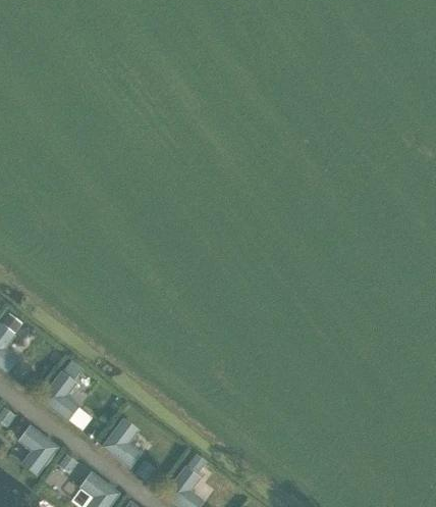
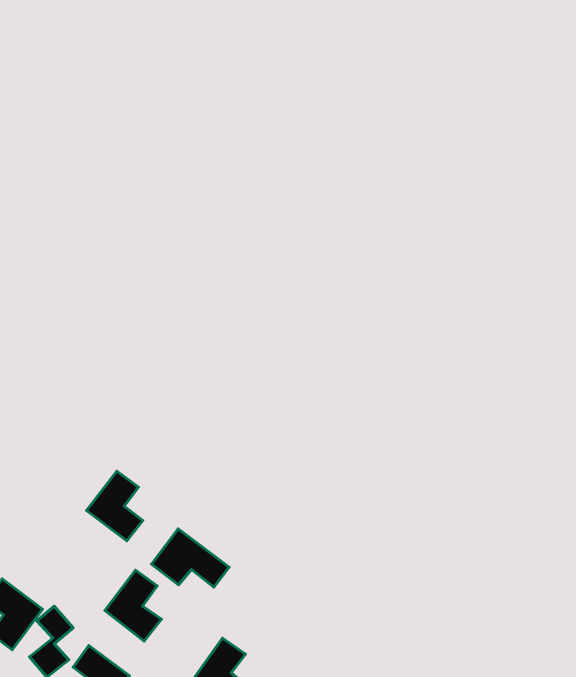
building: [40,371,79,420] -> [86,471,143,541]
building: none -> [152,529,229,587]

